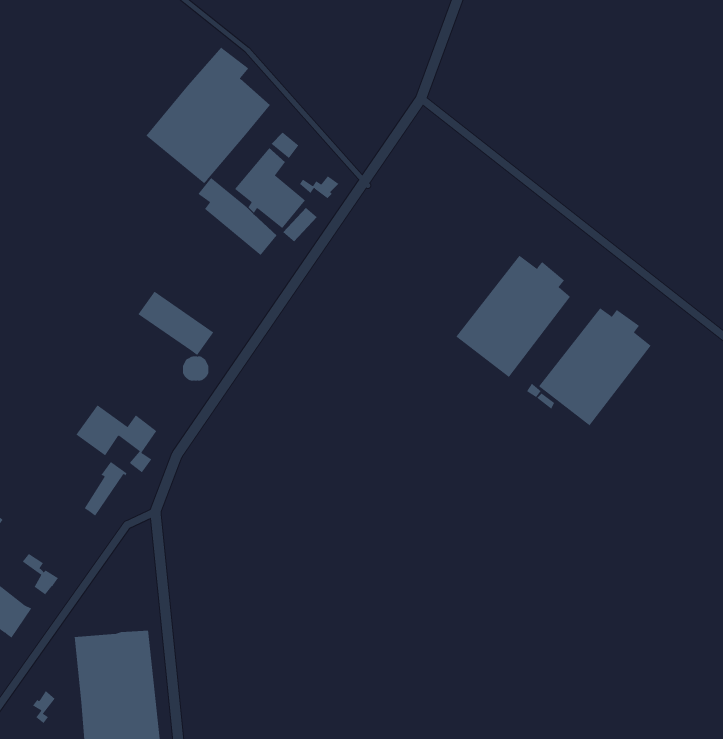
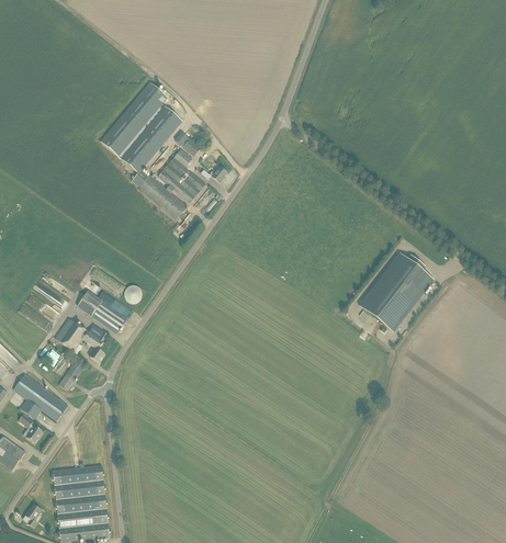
building: [456,255,571,378] -> none
building: [137,291,214,356] -> [77,290,127,332]
building: none -> [13,373,68,419]

